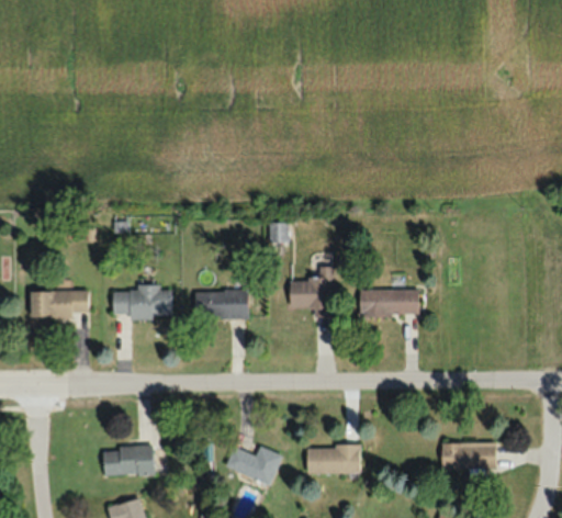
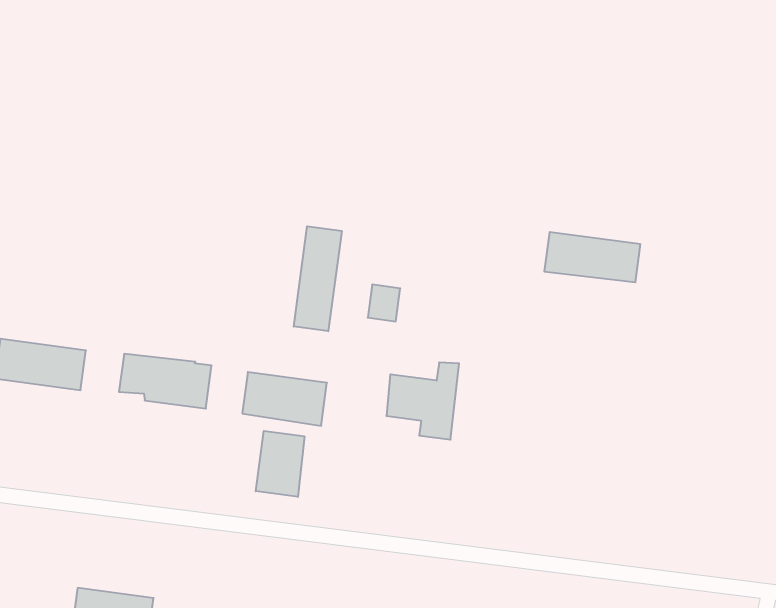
building: none -> [294,226,342,331]
building: [359,290,419,316] -> [544,232,640,282]
building: none -> [256,431,304,497]

